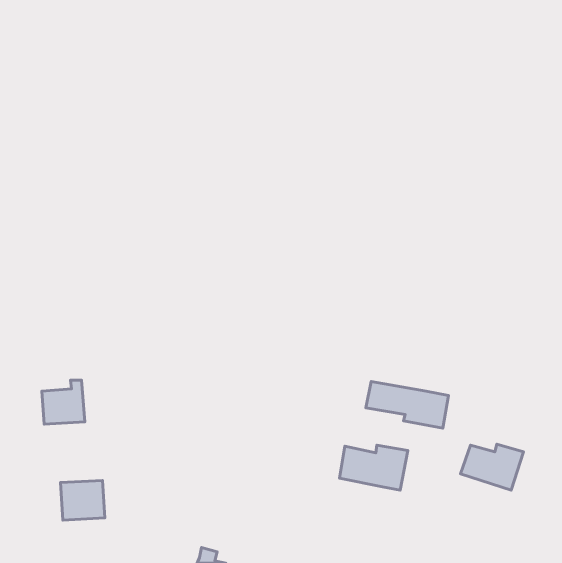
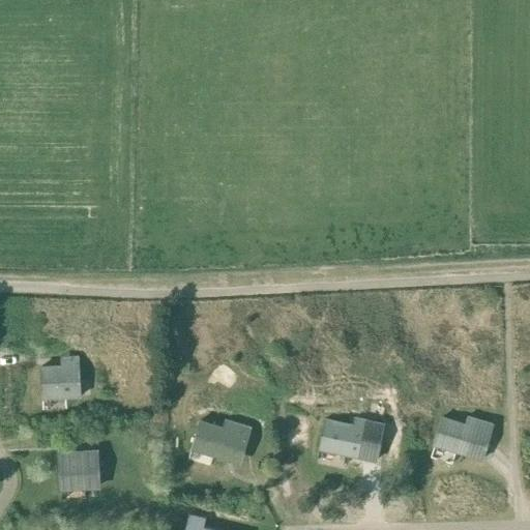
building: [366,382,449,428] -> none
building: none -> [193,420,261,468]

